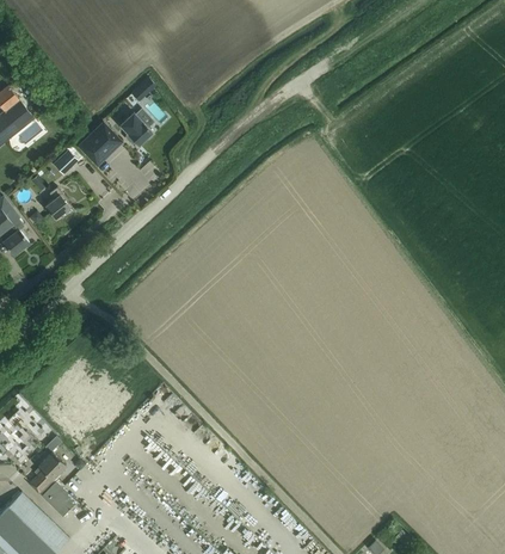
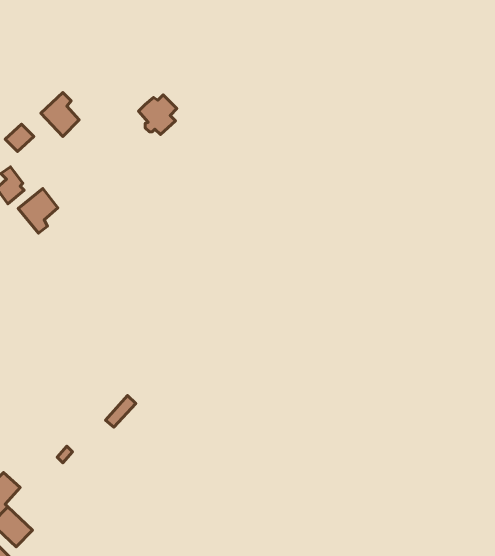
building: [119,111,153,146] -> [138,95,177,135]
building: none -> [18,188,58,233]

